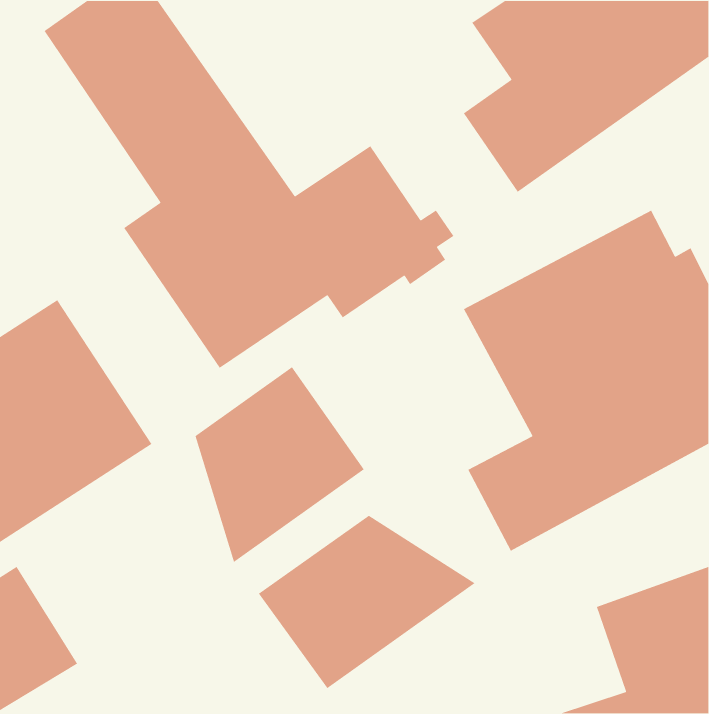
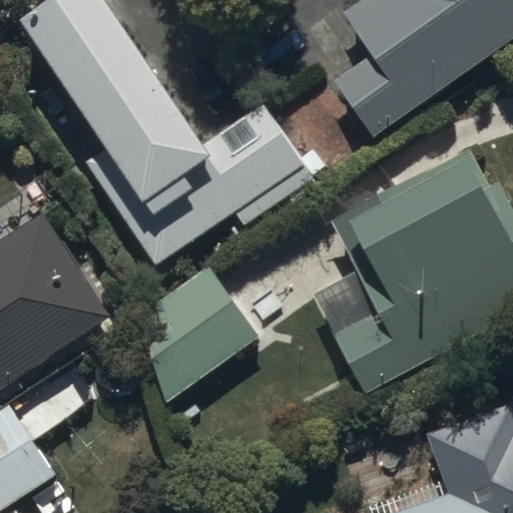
building: [258,515,476,689] -> none

